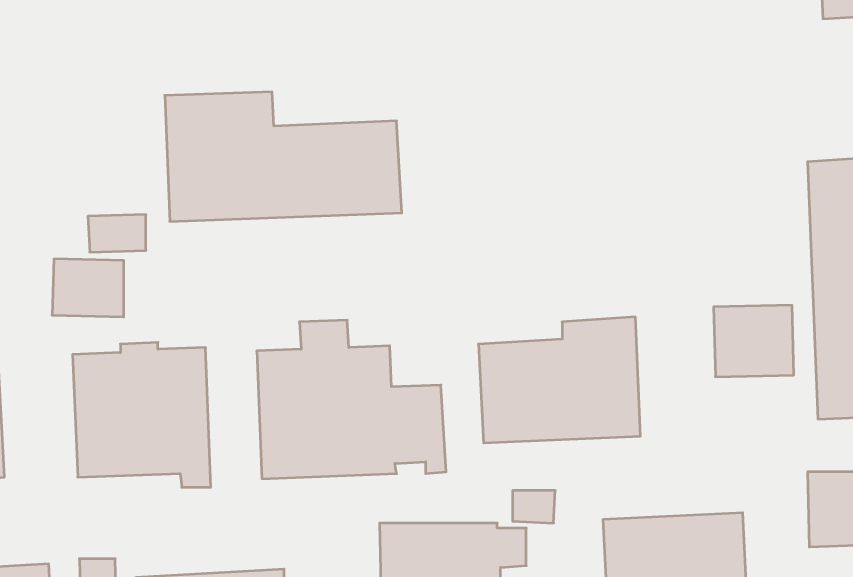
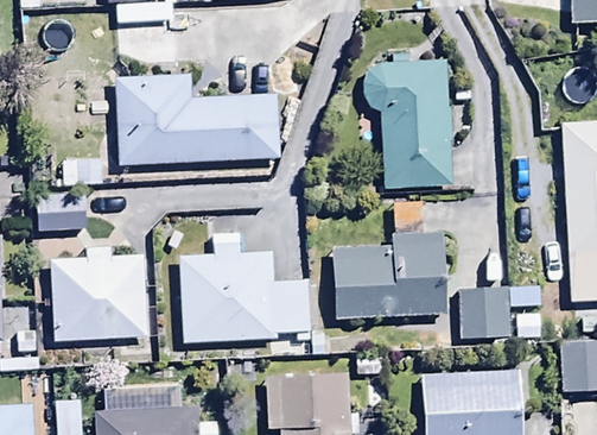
building: none -> [362,51,451,188]
building: [714,305,794,377] -> [457,288,513,338]

